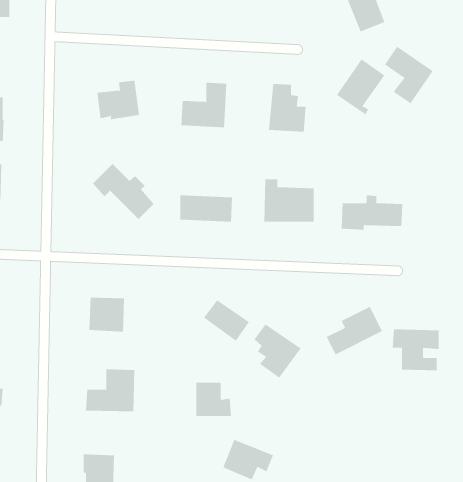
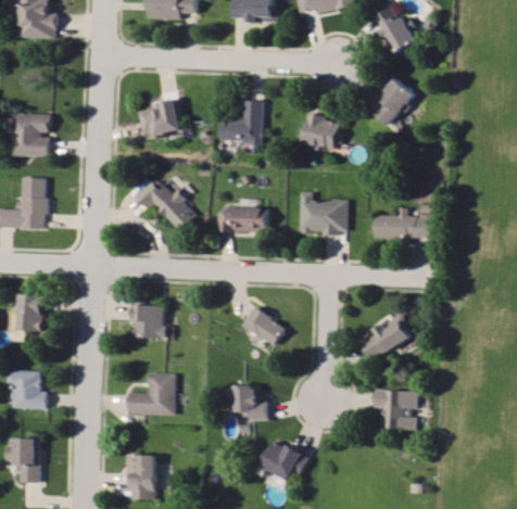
building: [384,46,433,104] -> none
building: [254,324,301,378] -> none
building: [392,329,440,371] -> [373,389,418,429]

